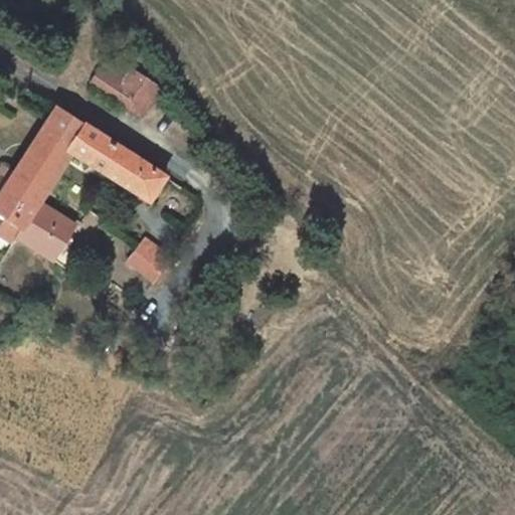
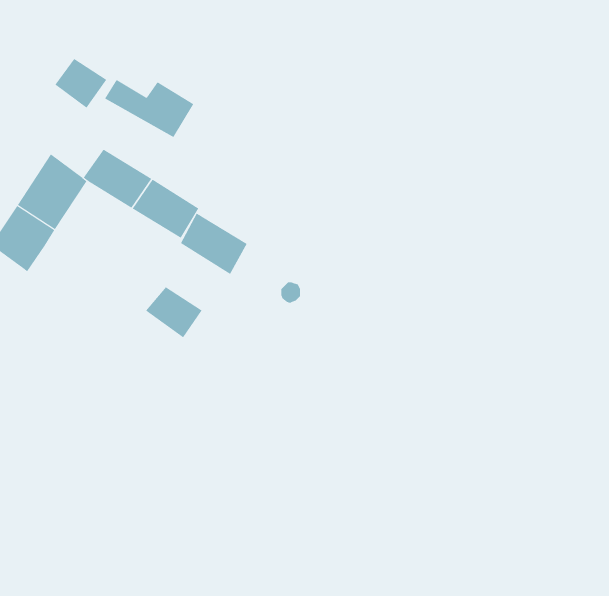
building: [42,107,87,149] -> [55,58,107,109]
building: none -> [180,213,247,275]
building: [14,206,71,259] -> none

